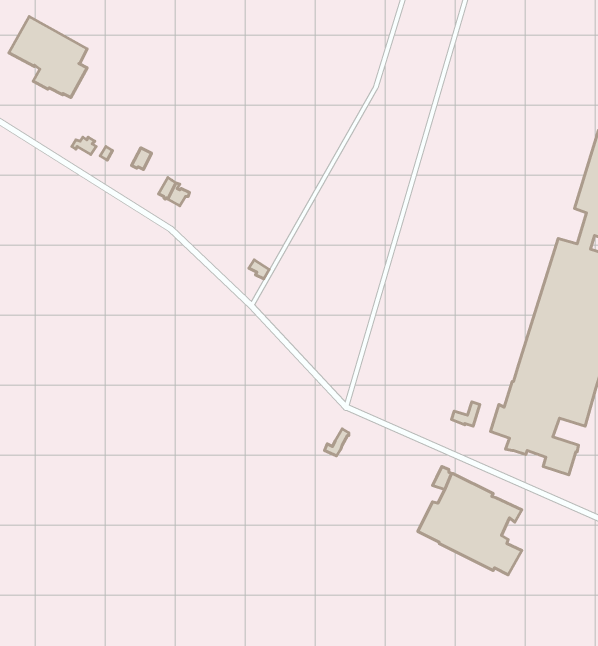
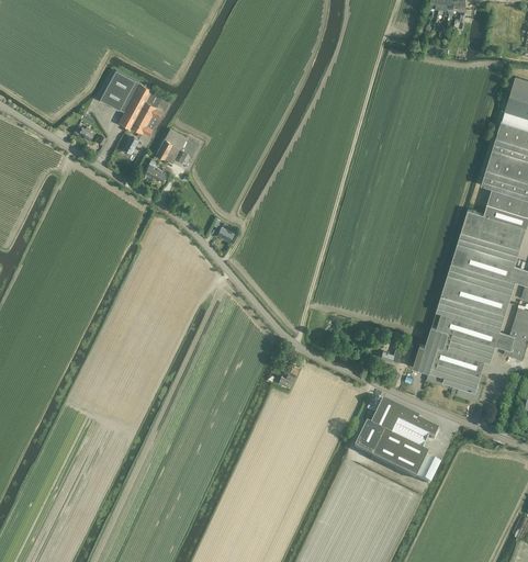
building: [9,16,87,97] -> [99,69,162,135]
building: none -> [156,128,199,164]

